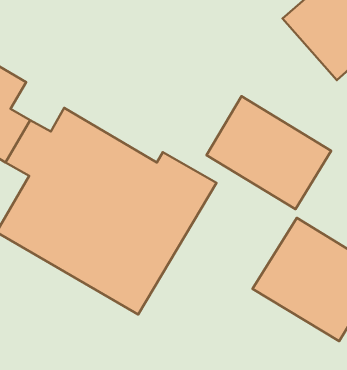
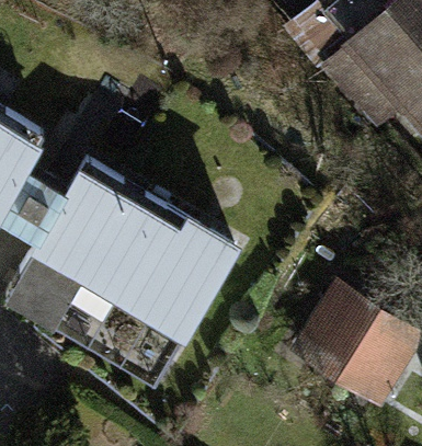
building: [207,96,331,209] -> none

